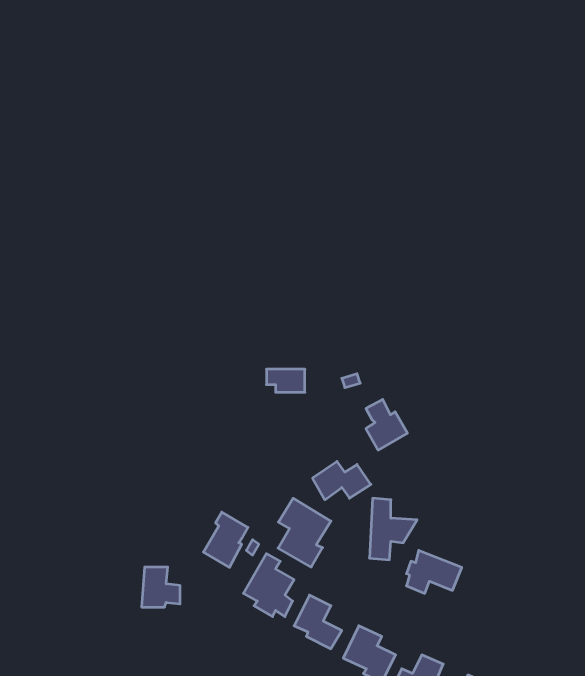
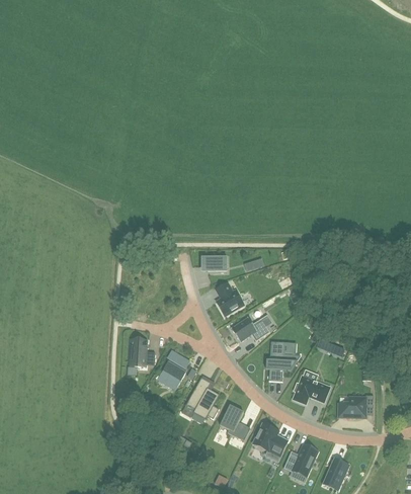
building: [366,399,407,450] -> [216,282,243,316]
building: [278,498,331,567] -> none
building: [142,567,180,607] -> [129,340,154,366]
building: none -> [338,395,373,418]

